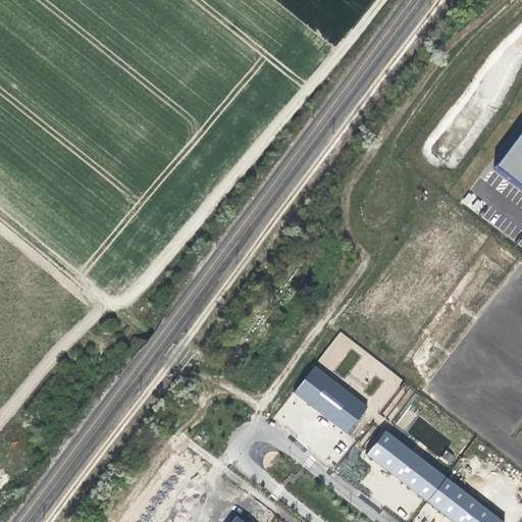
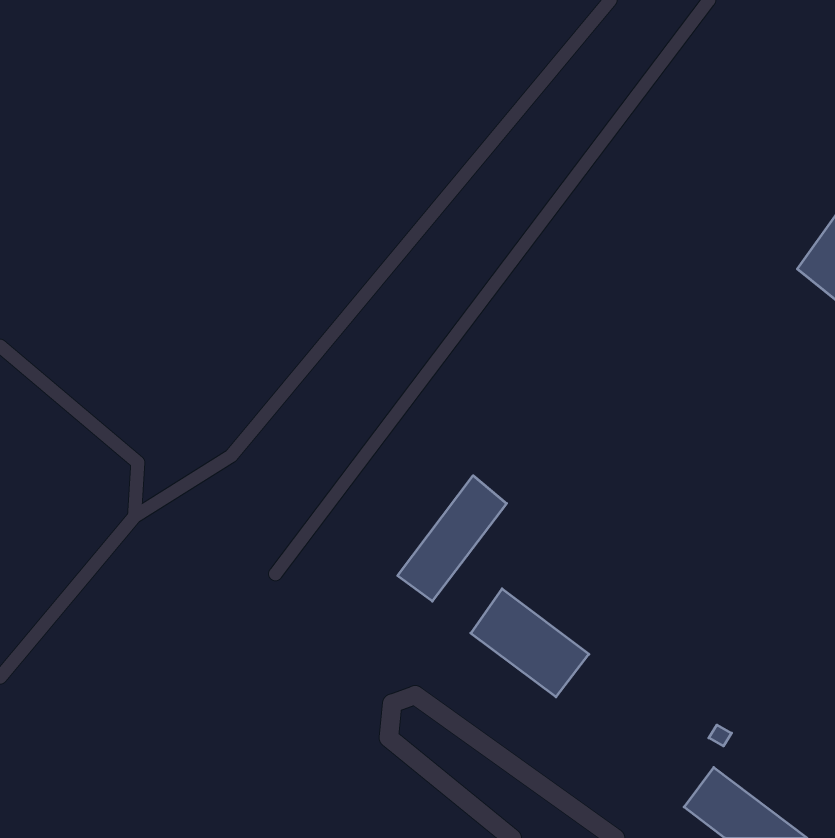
building: none -> [398,476,507,601]
building: [366,430,446,502] -> none

